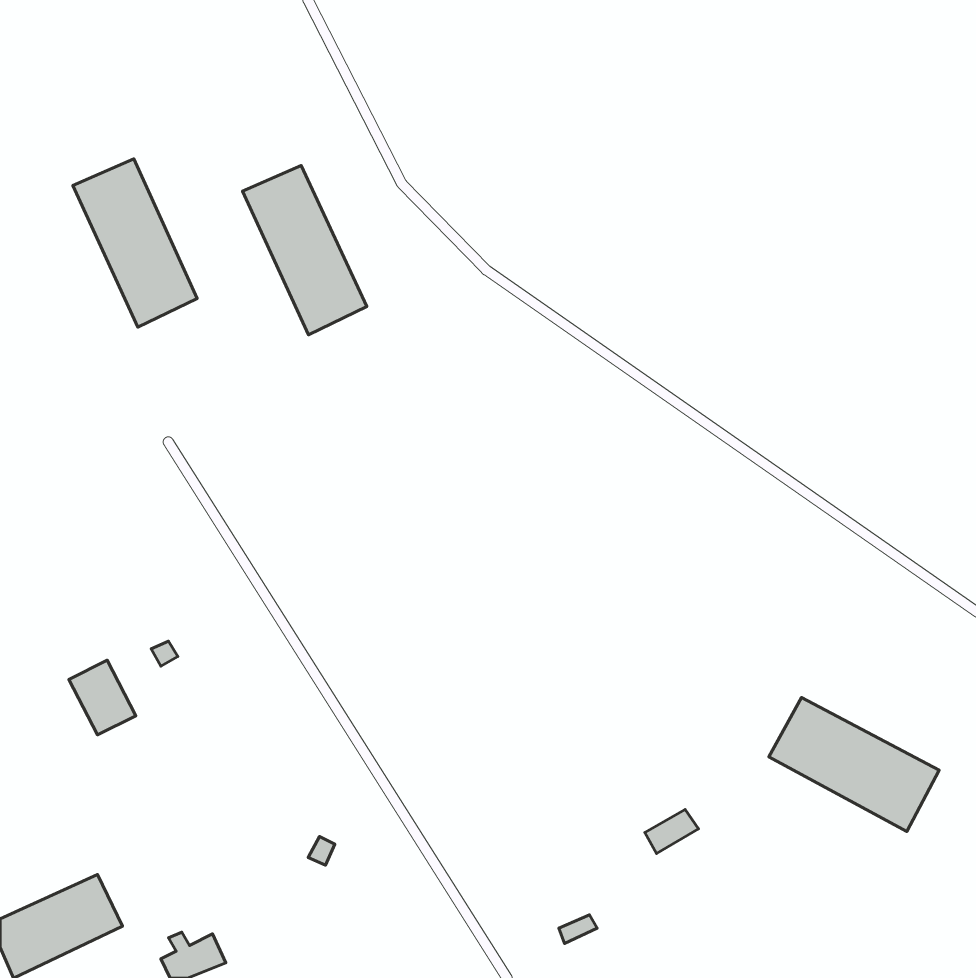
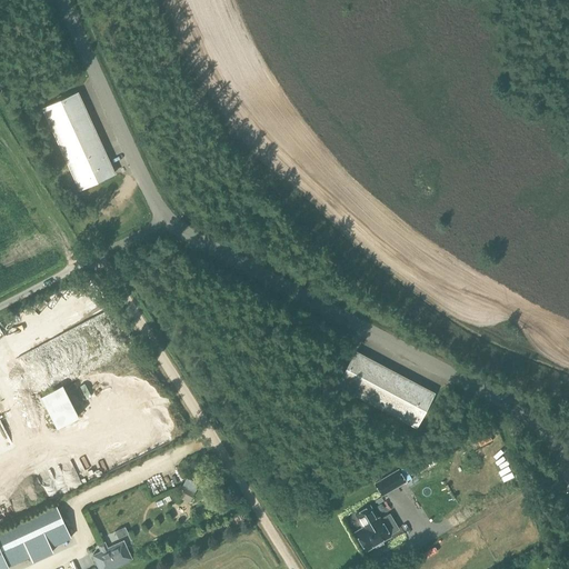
building: [242,166,367,335] -> none
building: [769,697,939,831] -> [337,351,436,429]
building: none -> [357,506,399,550]

